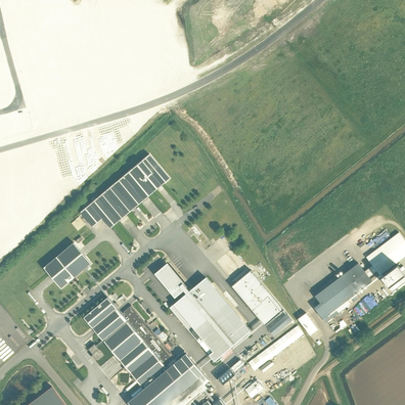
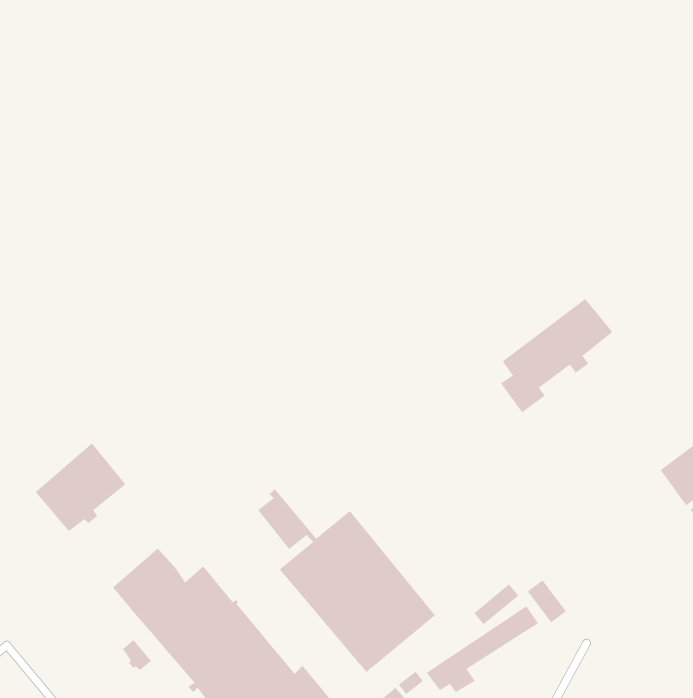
building: [80,154,169,228] -> none
building: [313,263,371,322] -> [500,298,613,413]
building: [231,270,284,326] -> none

